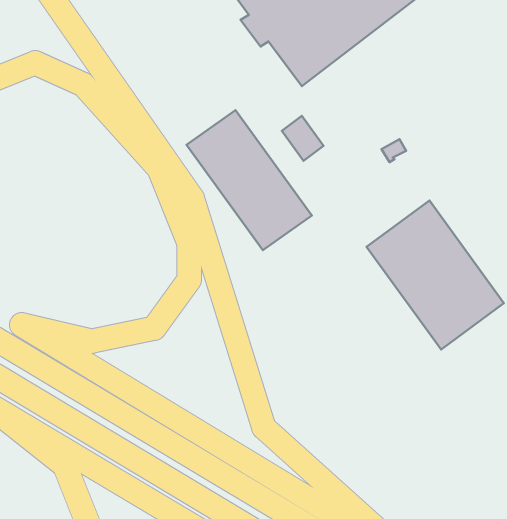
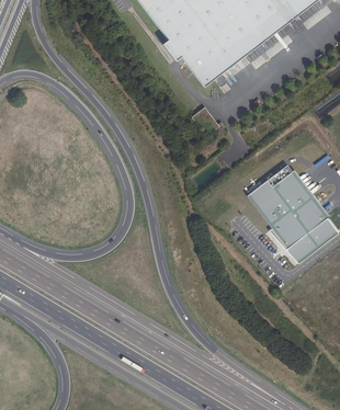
building: [187,110,312,250] -> none

